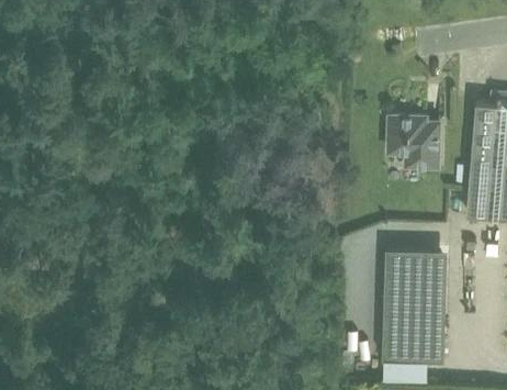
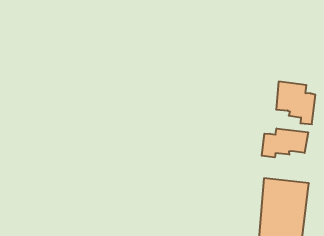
building: none -> [262,128,308,157]

